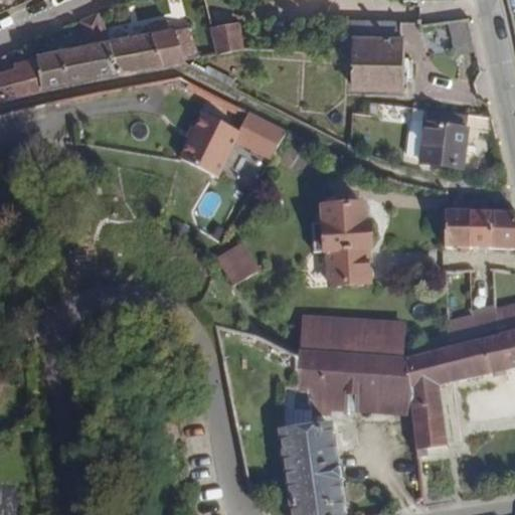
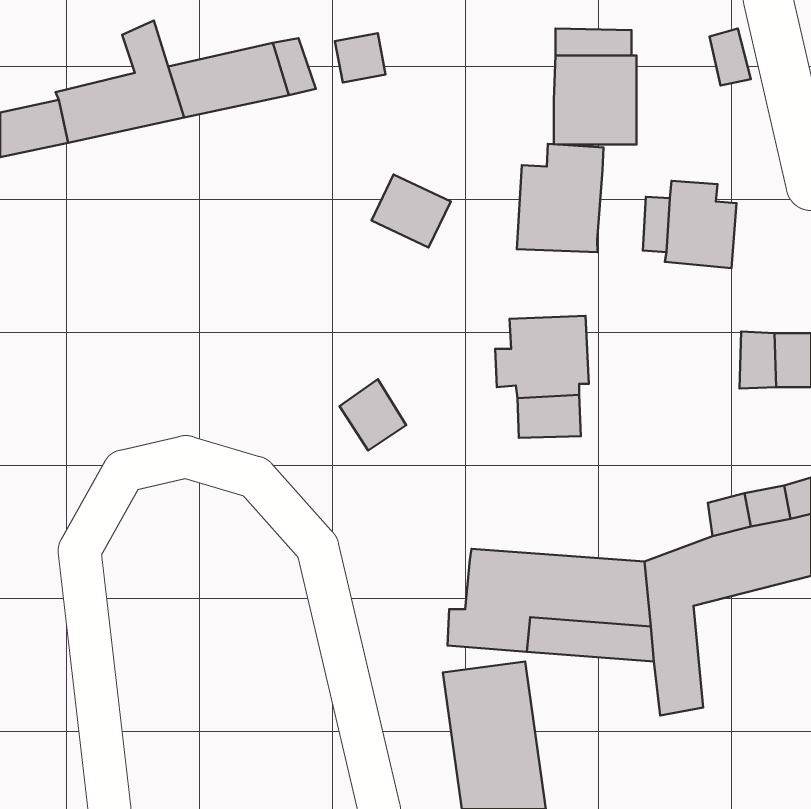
building: none -> [517,144,603,252]
building: [180,112,240,177] -> none
building: [447,210,470,246] -> none
building: [299,314,408,356] -> none

